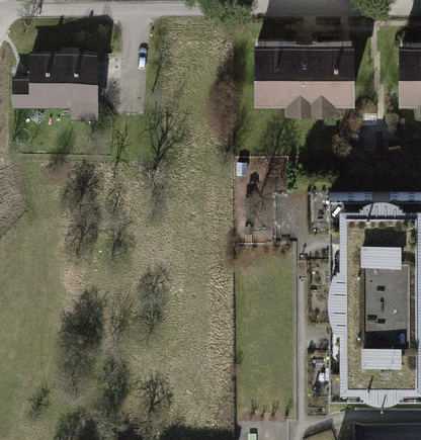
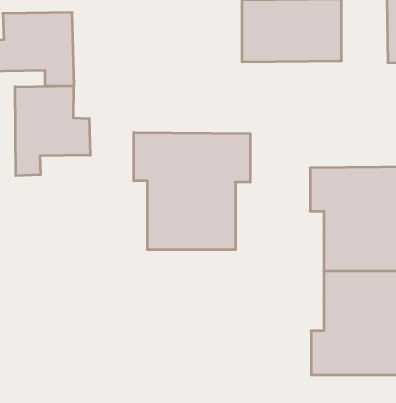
building: none -> [15,86,90,176]
building: none -> [134,132,250,250]

